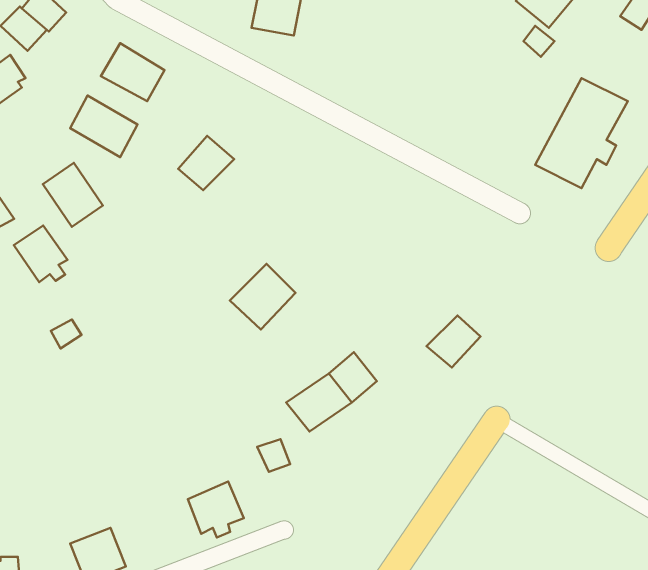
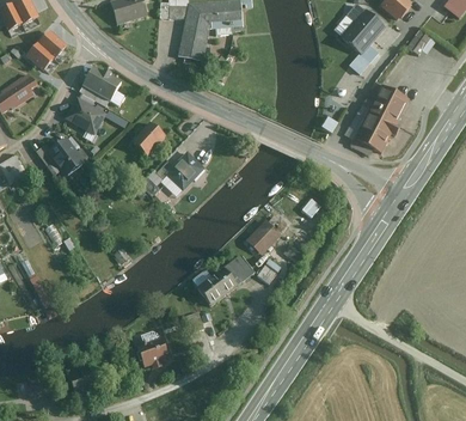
building: [14,226,68,282] -> none
building: [230,264,296,329] -> [165,152,206,193]
building: [427,315,481,368] -> [247,221,281,254]

